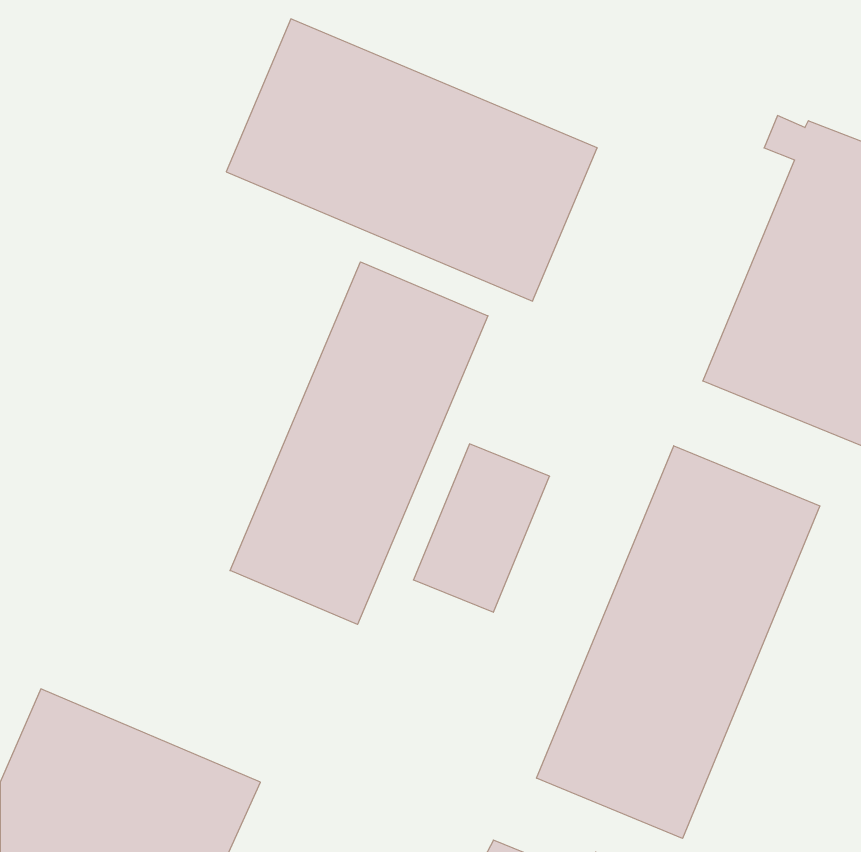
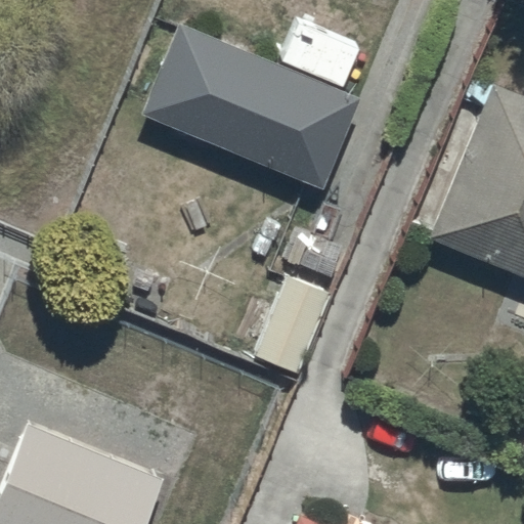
building: [230,262,488,624] -> none
building: [537,446,820,838] -> none

